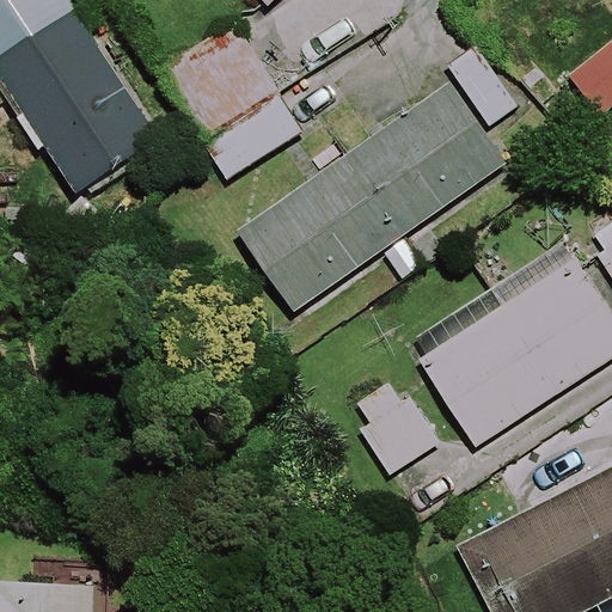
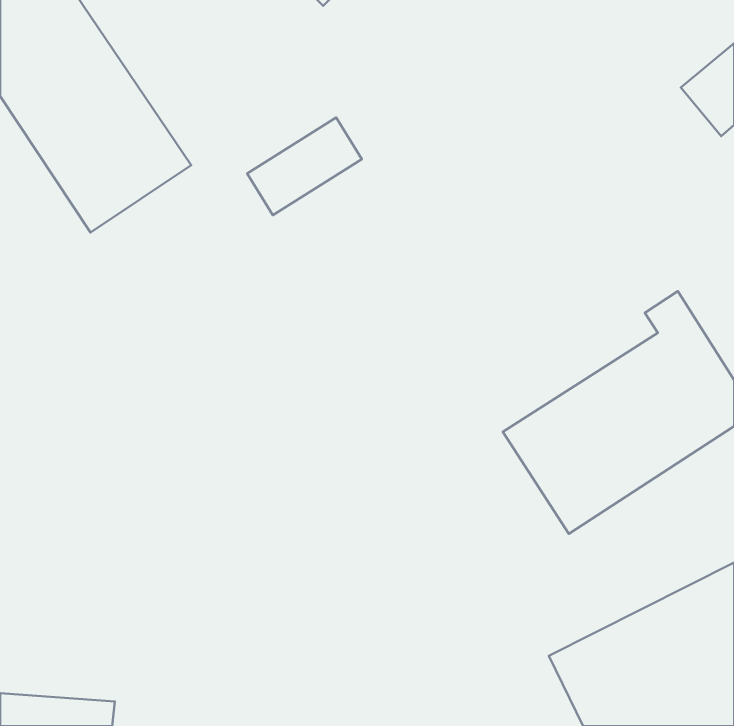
building: [239,47,515,311] -> none
building: [348,379,437,473] -> none

